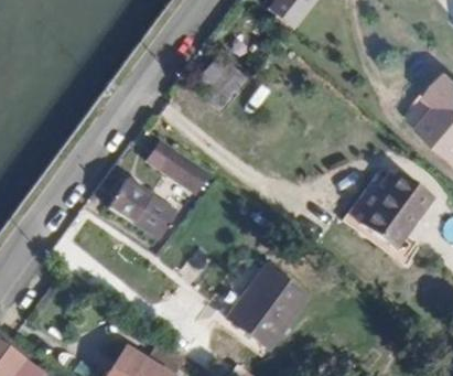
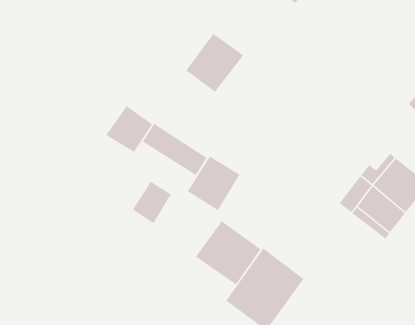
building: none -> [187,156,241,211]
building: [107,181,154,228] -> [105,105,153,153]
building: none -> [195,220,261,286]

